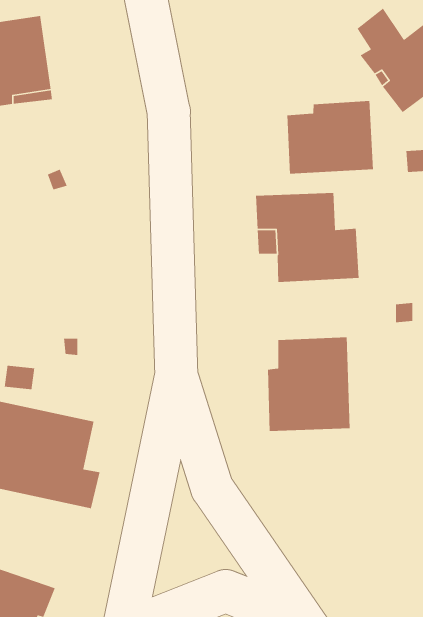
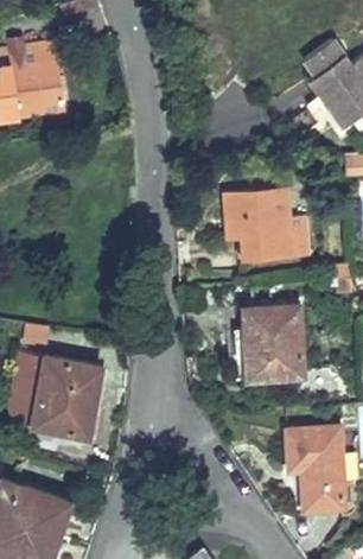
building: [287,100,374,174] -> none
building: none -> [285,427,339,508]

